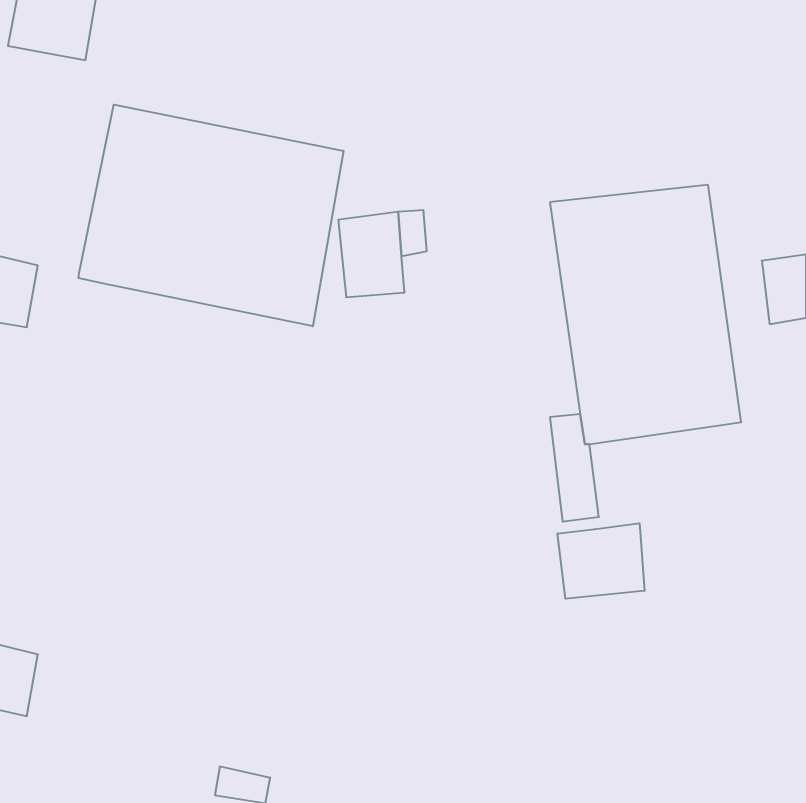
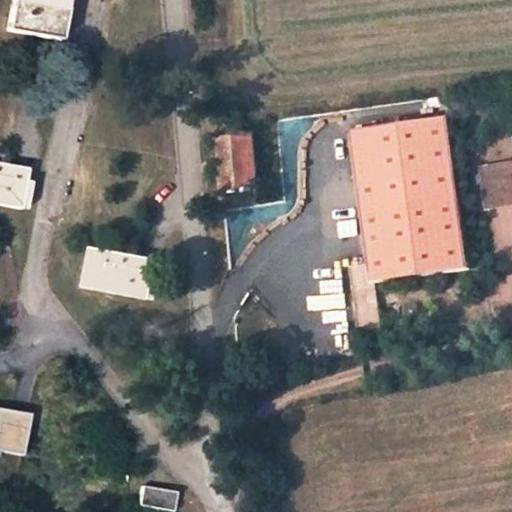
building: [79,105,343,326] -> none
building: none -> [80,246,157,299]
building: [558,523,645,599] -> none

